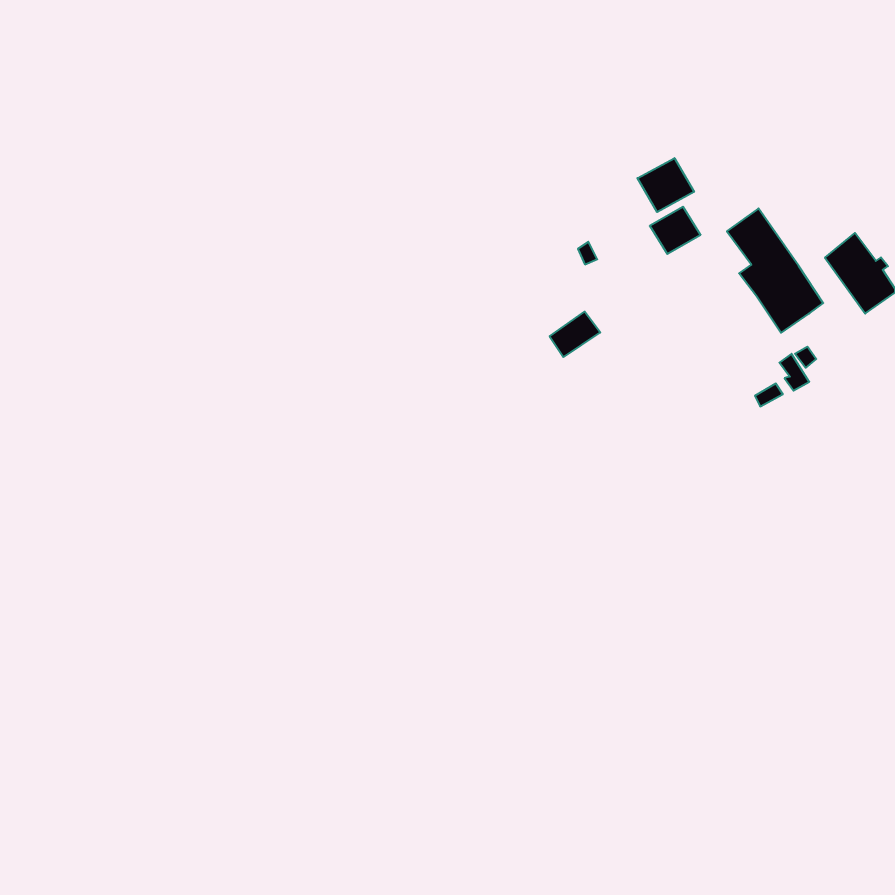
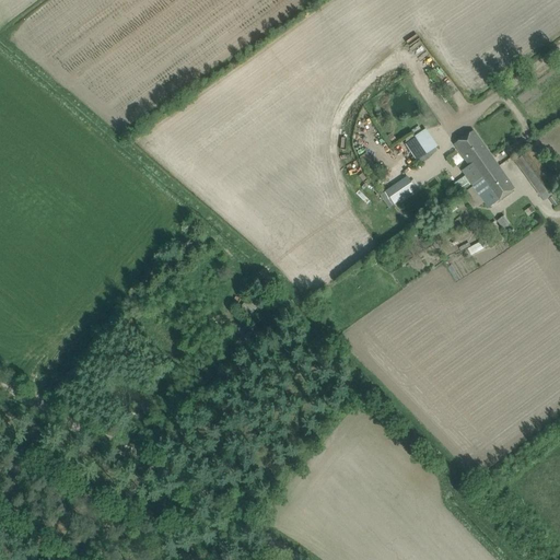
building: [637,158,694,212] -> none
building: [550,312,600,357] -> [385,175,417,203]

